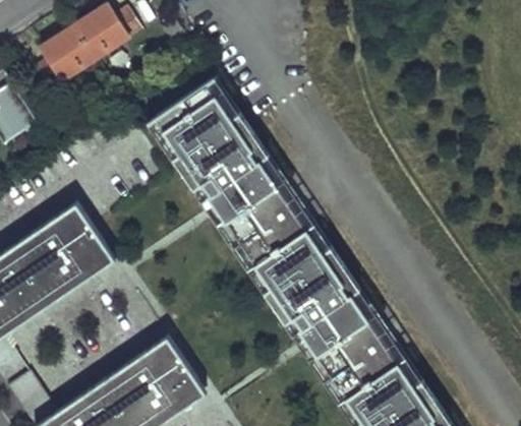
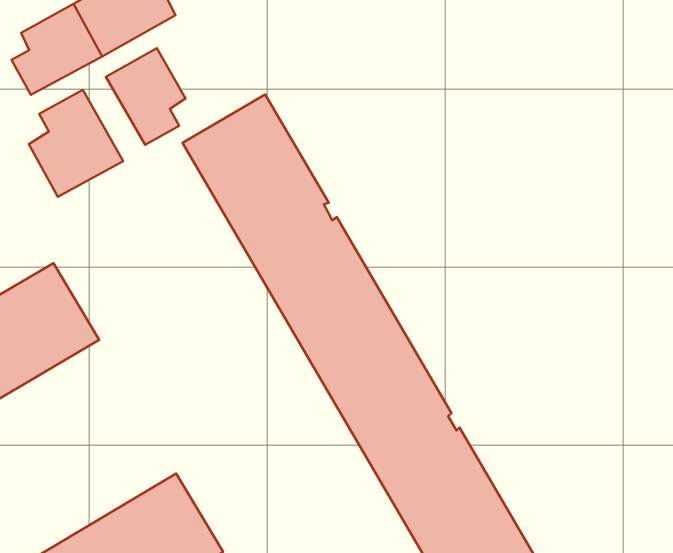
building: none -> [106,48,185,145]
building: none -> [29,90,123,197]

